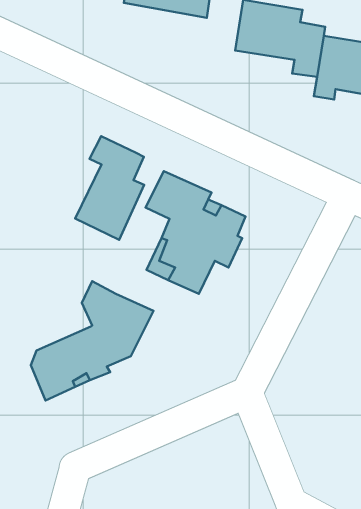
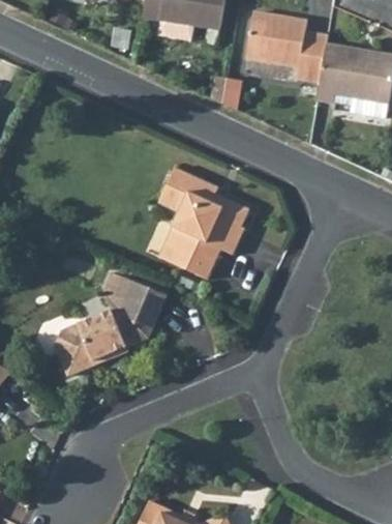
building: [75,136,144,240] -> none

